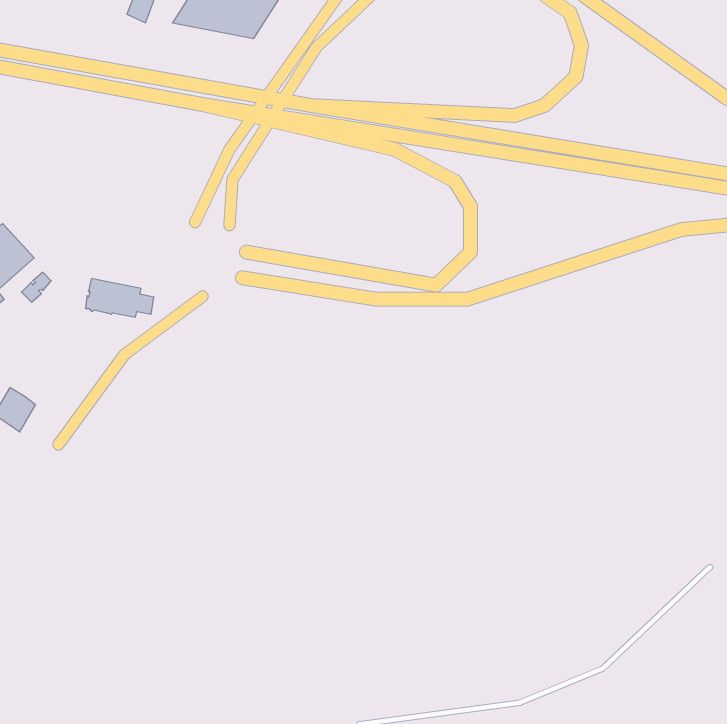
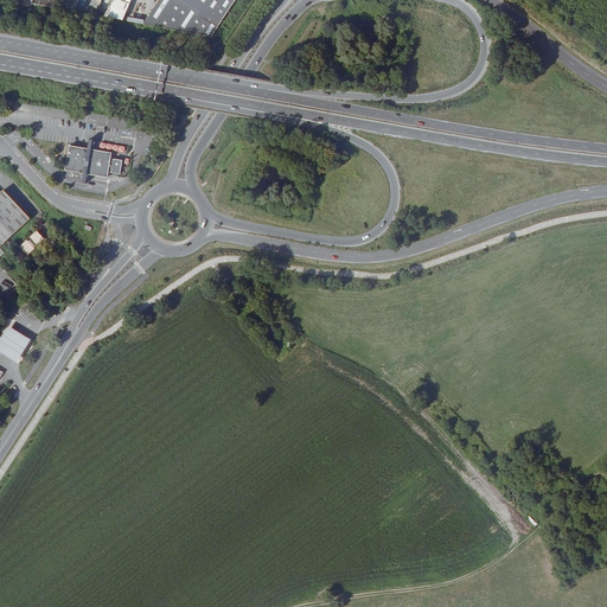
building: [86,279,154,317] -> [65,145,122,177]

